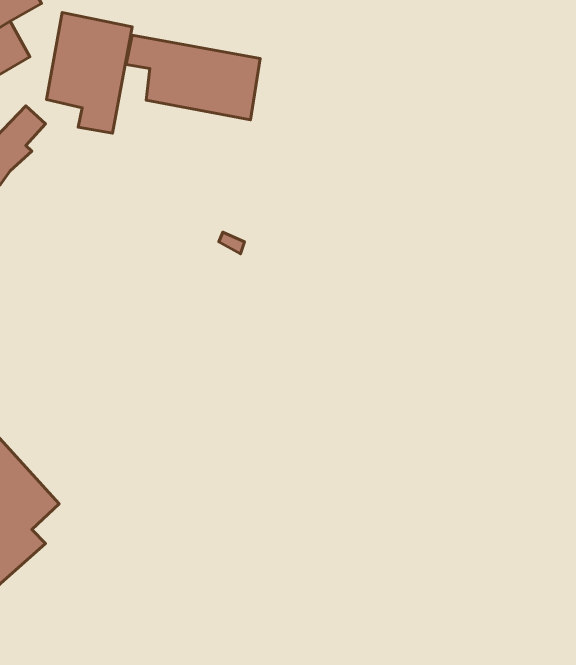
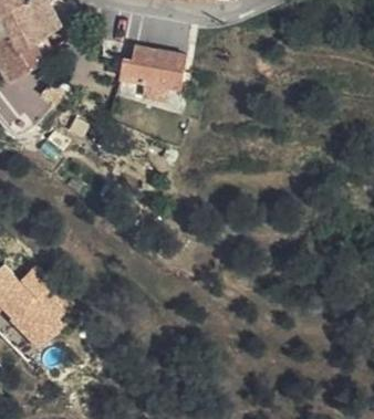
building: [47,13,132,133] -> none

